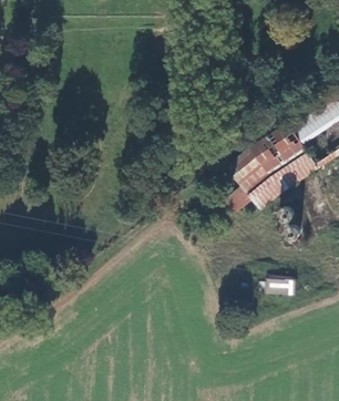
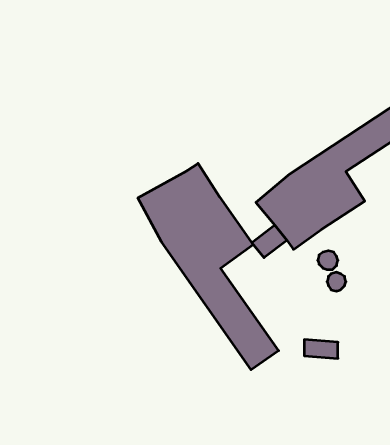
building: none -> [138,163,279,370]

